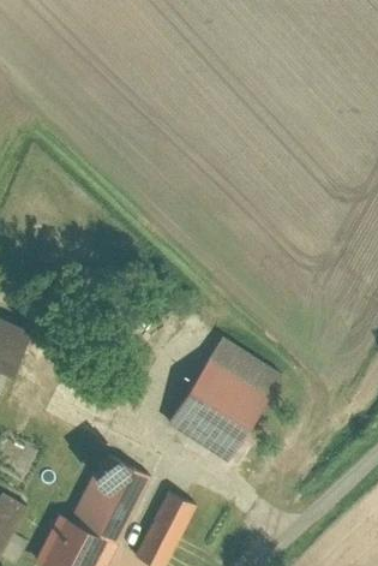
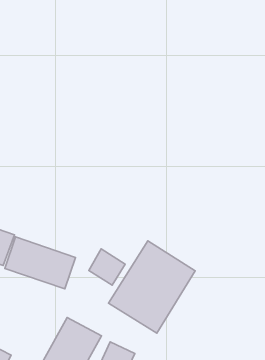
building: none -> [5,237,75,289]
building: none -> [89,249,125,285]

